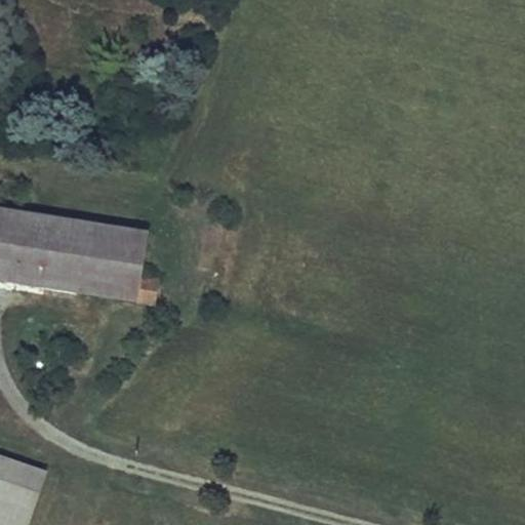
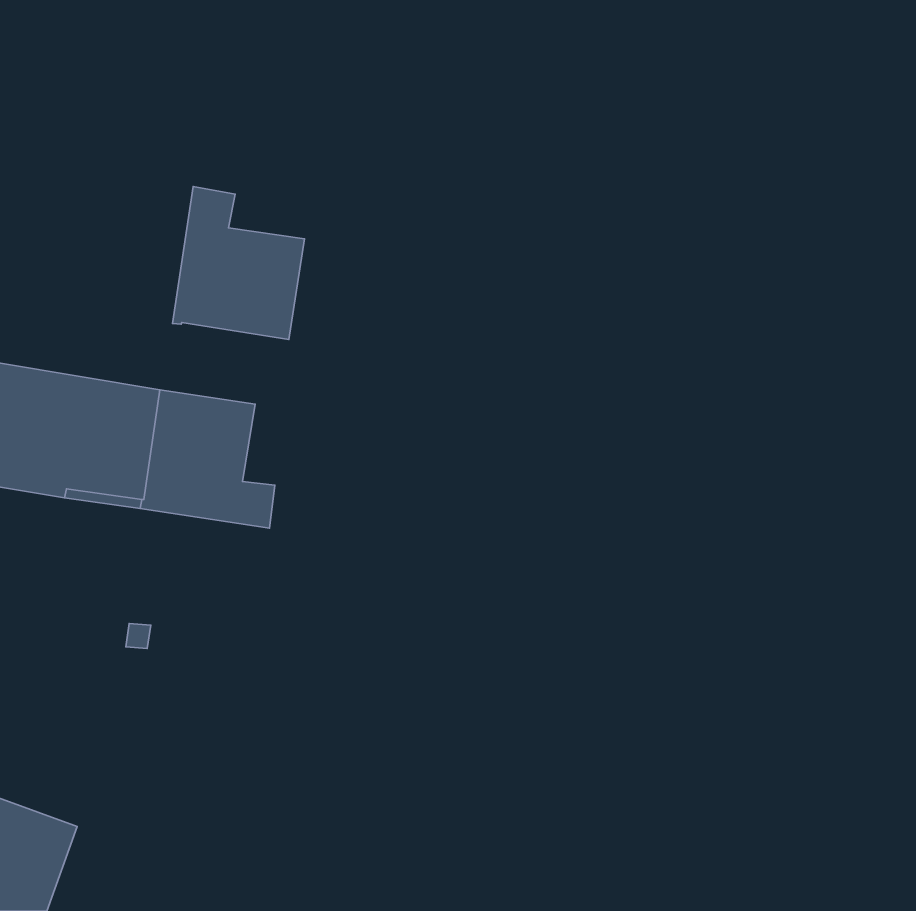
building: none -> [172,186,305,339]

